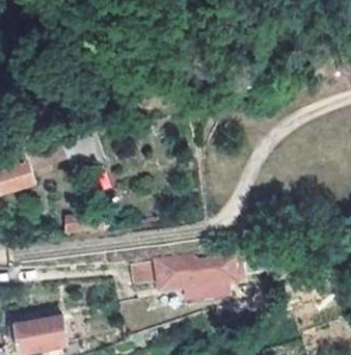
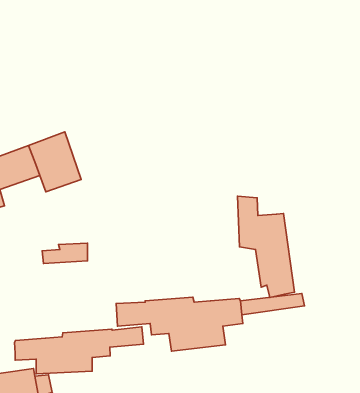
building: none -> [238,196,295,297]
building: none -> [15,327,144,374]

